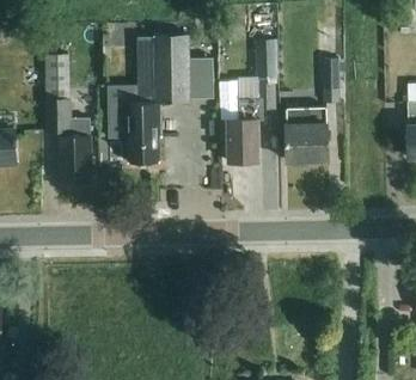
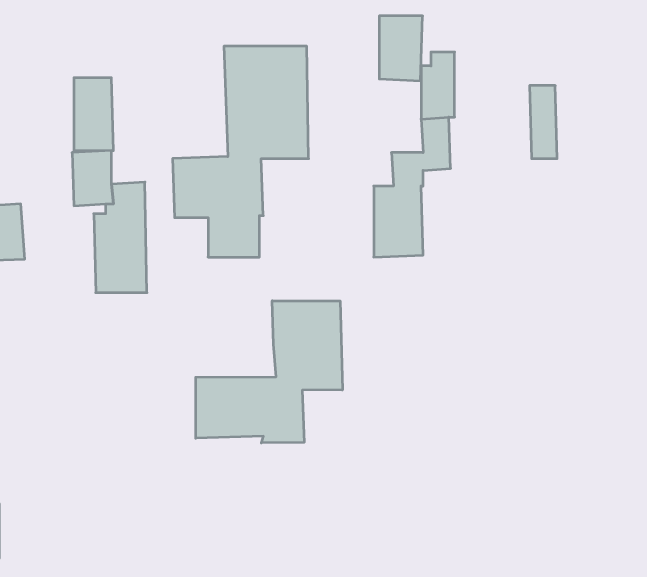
building: [194,65,220,104] -> [379,16,423,81]
building: [286,108,329,161] -> none
building: none -> [196,301,342,443]

